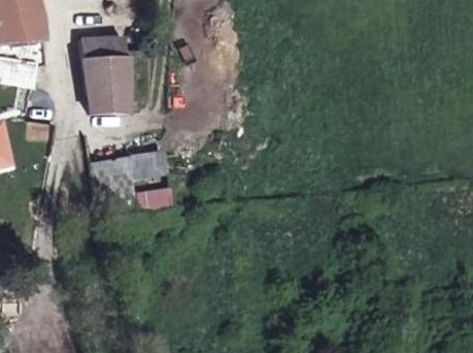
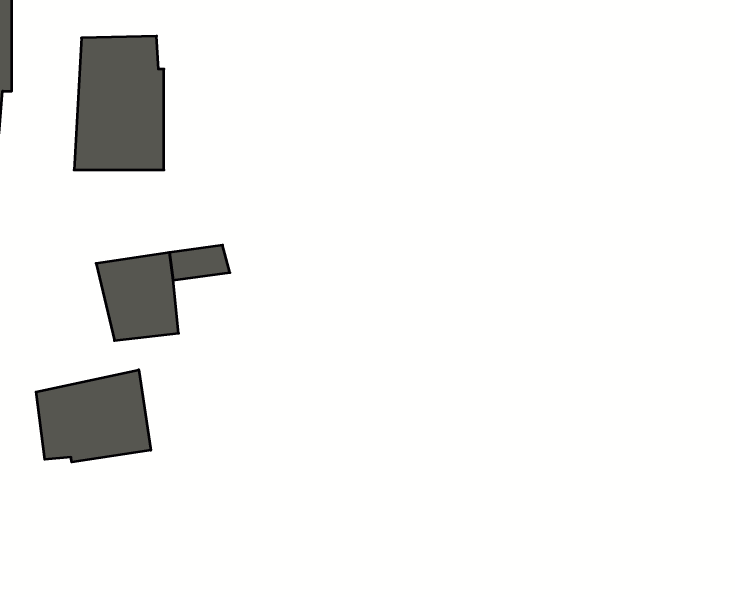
building: none -> [36,370,151,462]

